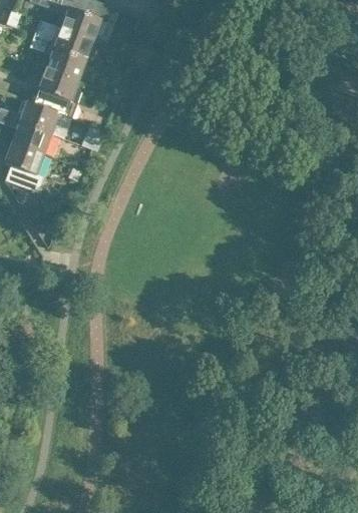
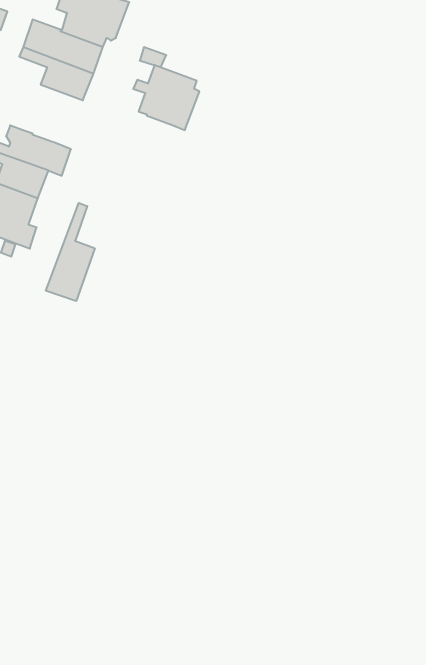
building: [29,68,79,117] -> [133,65,199,130]
building: none -> [46,203,95,301]

